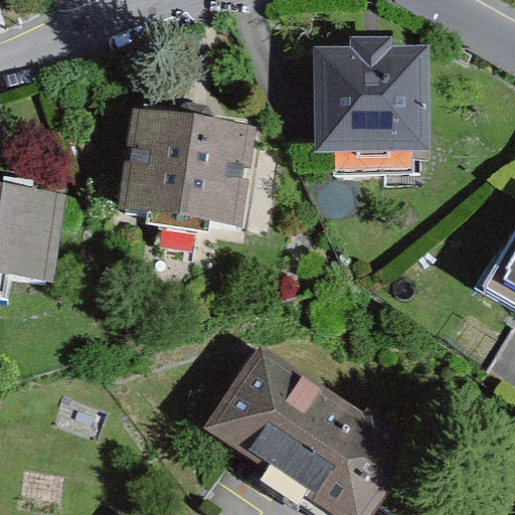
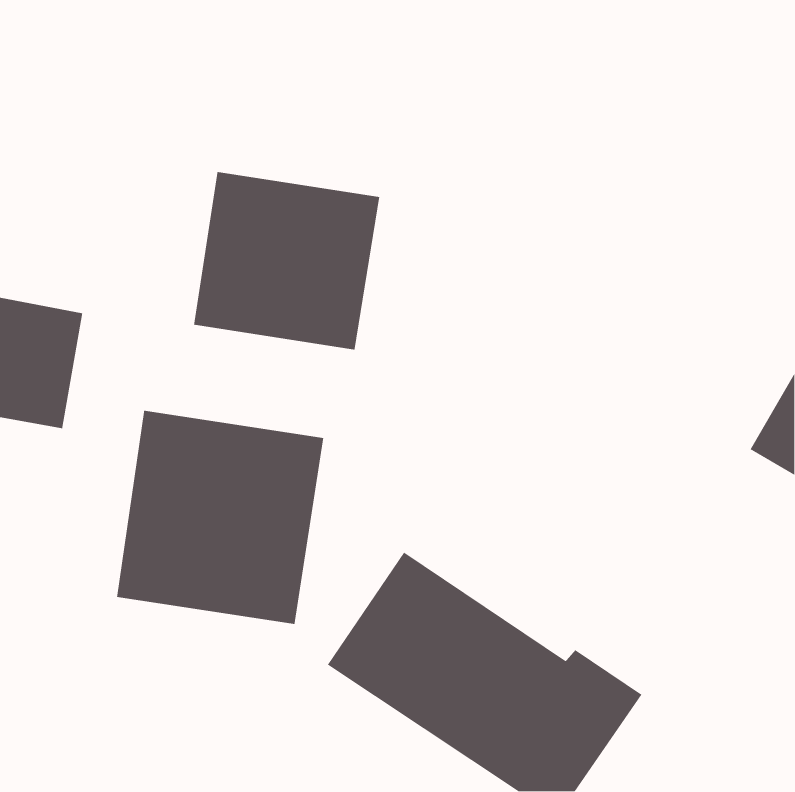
building: [320,40,421,144] -> none
building: none -> [116,410,324,625]

